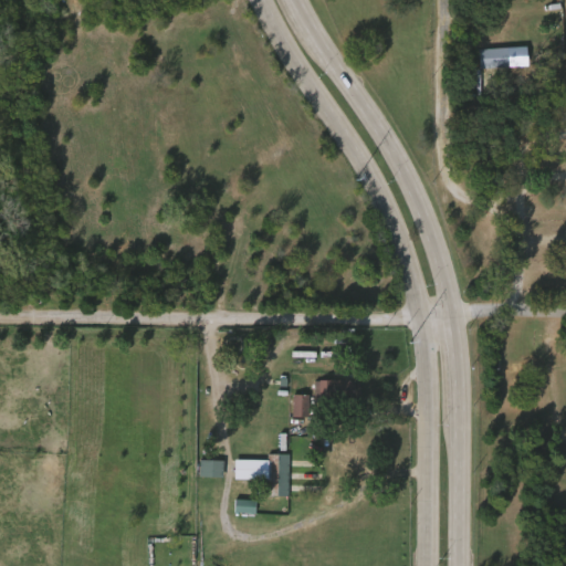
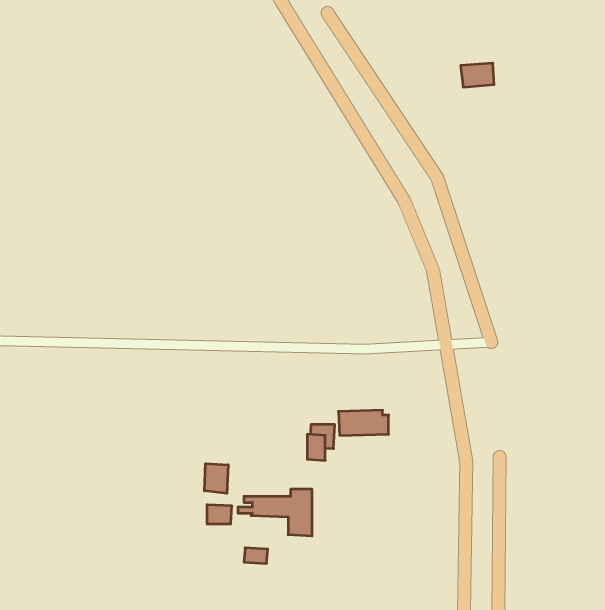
building: [485,46,516,69] -> [461,63,494,87]
building: none -> [204,464,228,493]

